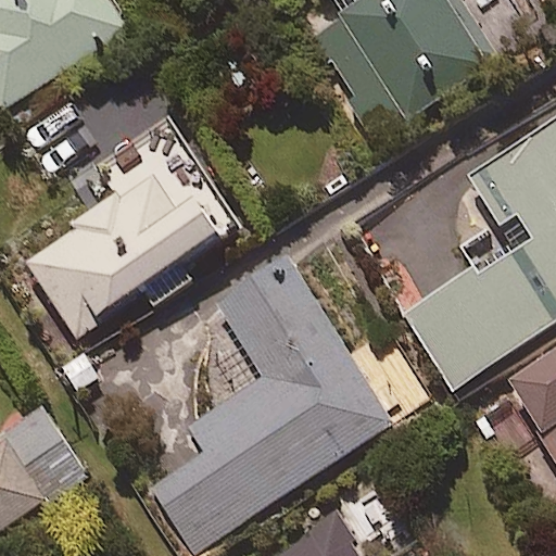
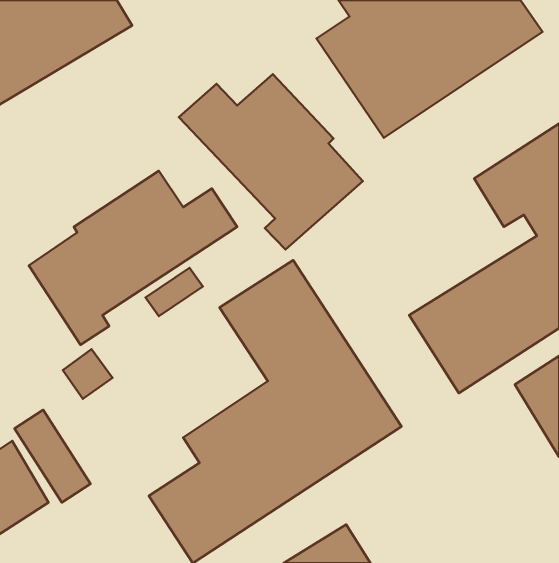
building: none -> [179,74,363,250]

